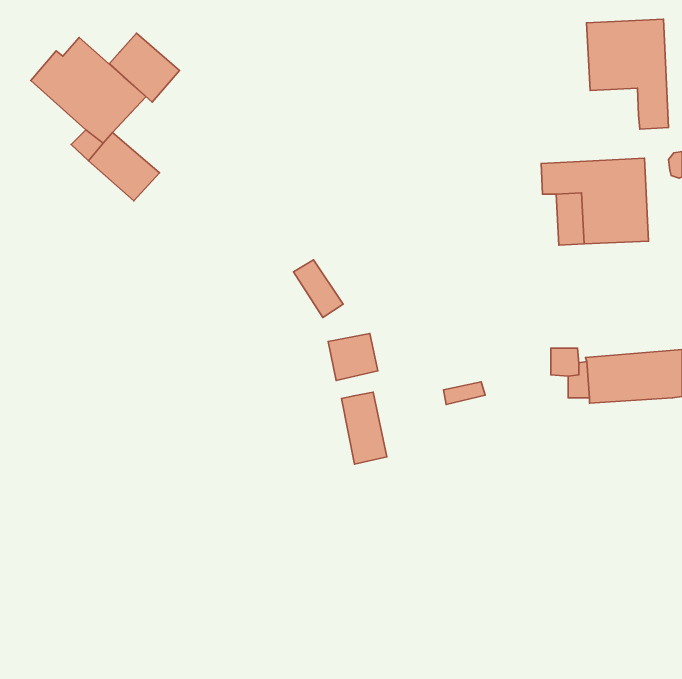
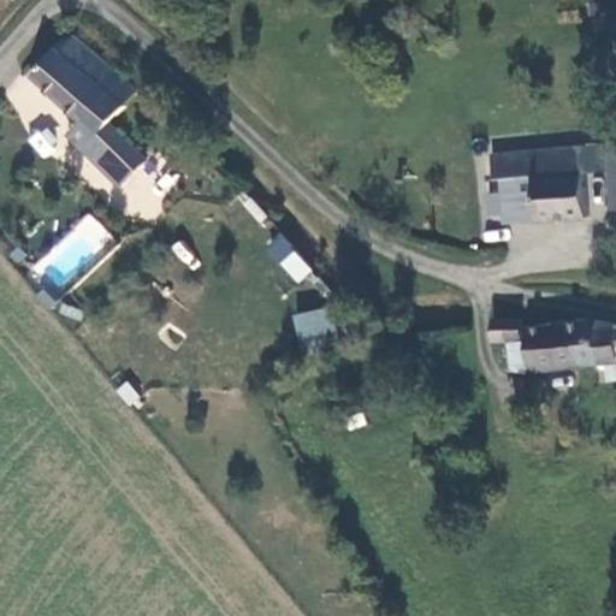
building: [586,19,669,129] -> none
building: [109,33,179,102] -> none
building: [341,392,387,464] -> none

